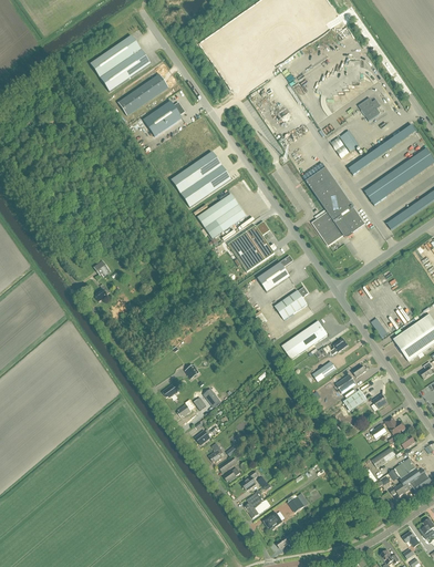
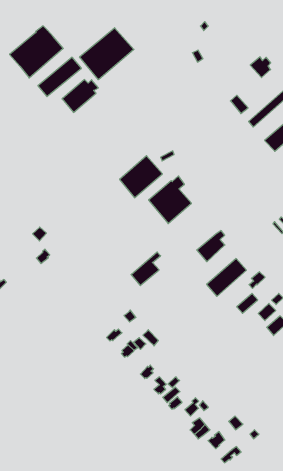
building: none -> [80,28,134,80]
building: [170,151,230,206] -> none
building: [306,166,365,243] -> none
building: [257,255,292,290] -> [131,252,161,286]

